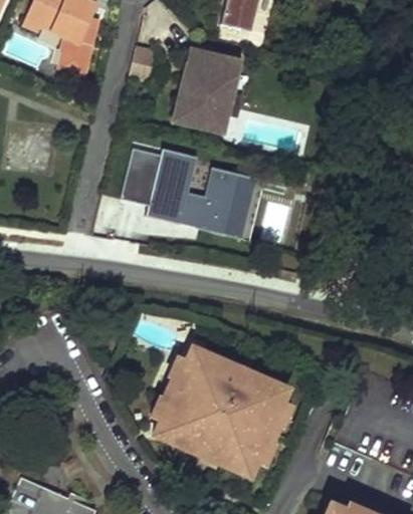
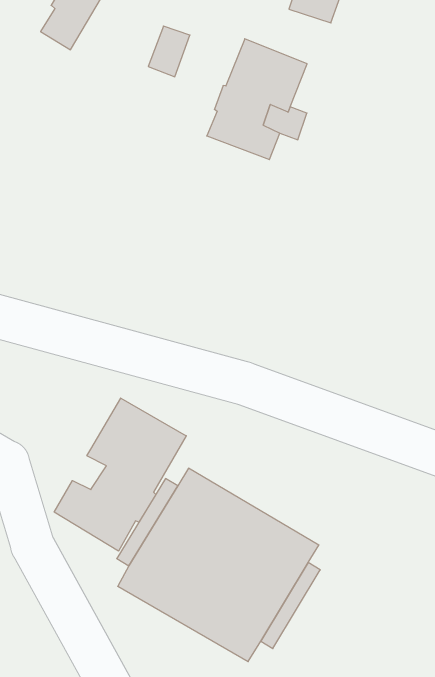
building: [121,148,266,241] -> none
building: none -> [54,398,186,551]

